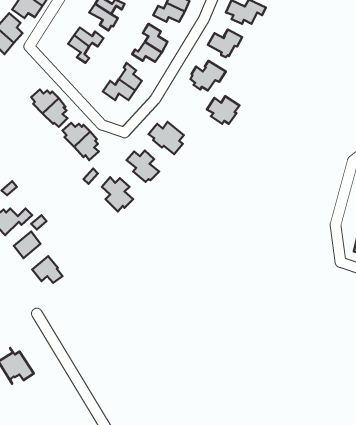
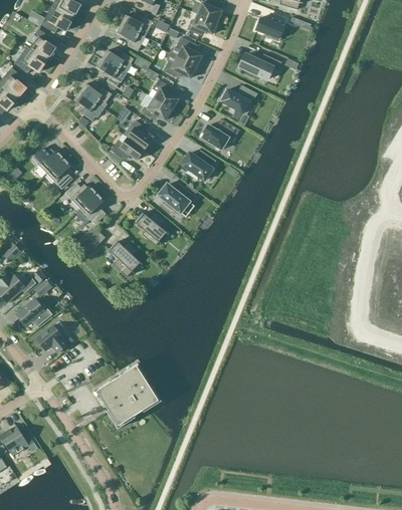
building: [207,96,239,124] -> [181,151,215,180]
building: none -> [95,366,156,425]

